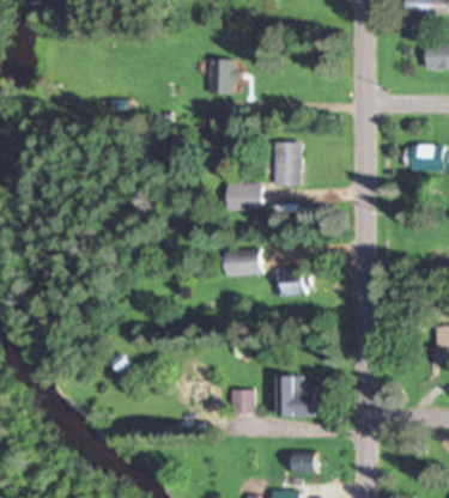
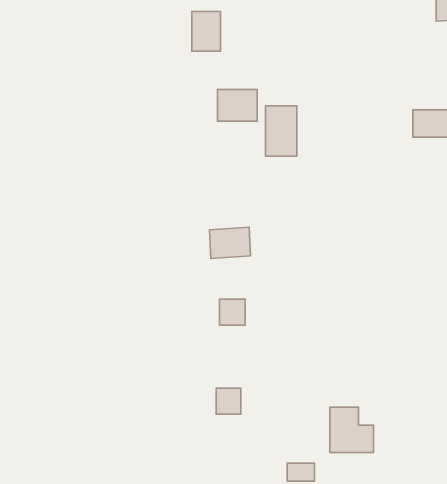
building: [227,182,262,209] -> [217,90,257,121]
building: [283,271,305,293] -> [219,299,245,325]
building: [279,376,317,415] -> [330,407,373,452]

